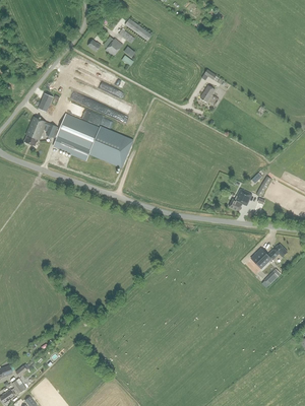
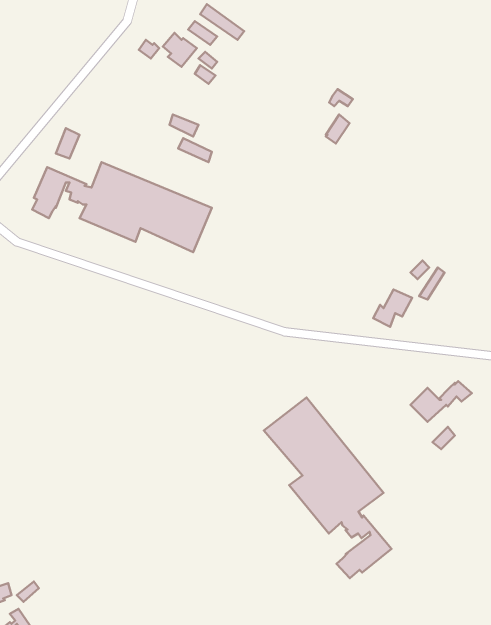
building: none -> [264,397,392,578]

